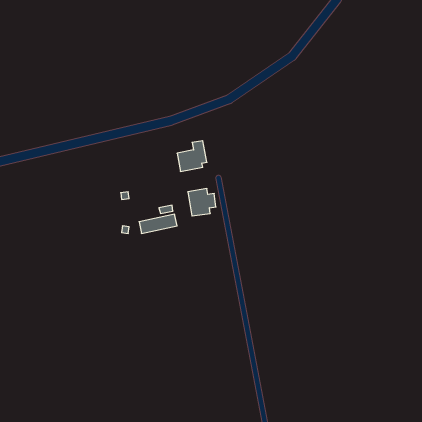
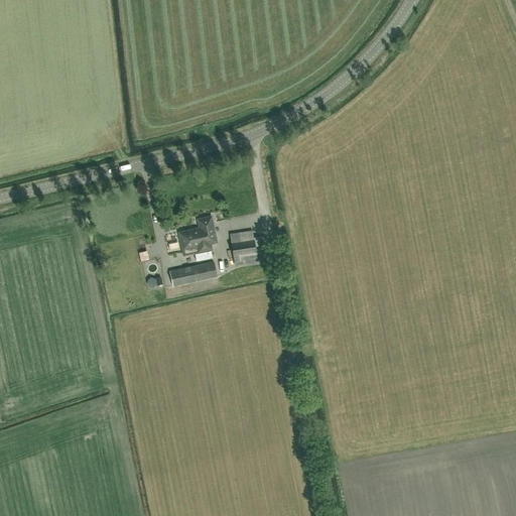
building: [177,141,207,171] -> [179,216,216,253]

